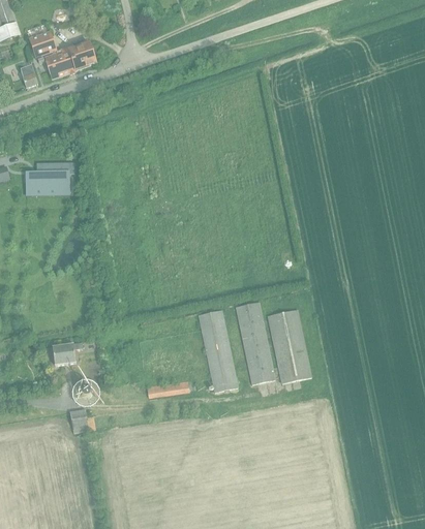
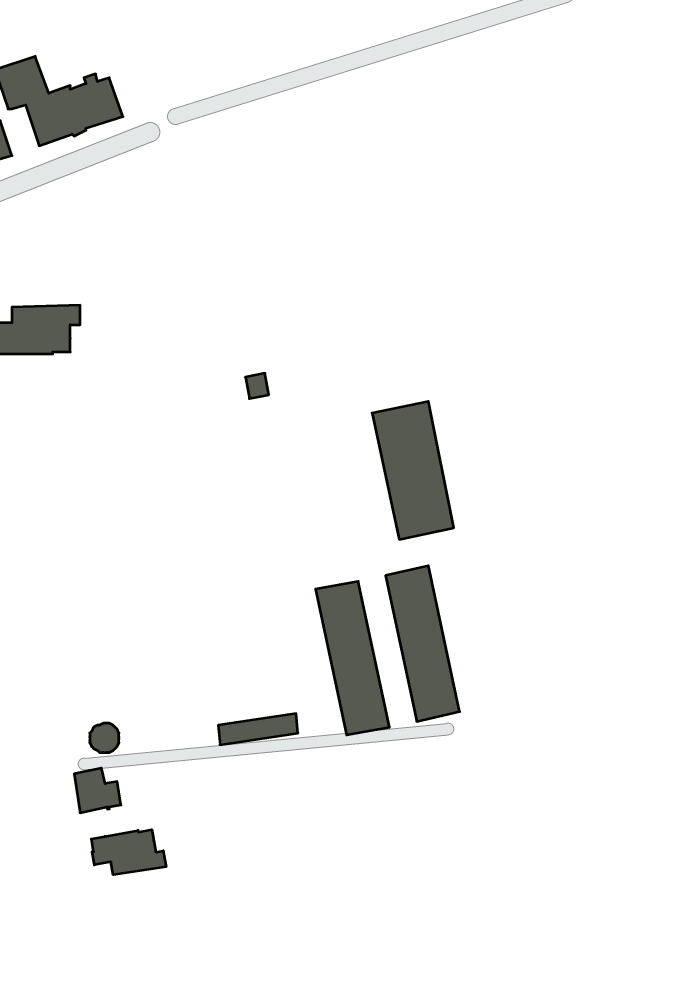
building: [267,309,310,382] -> [372,401,454,539]
building: [52,342,82,365] -> none
building: none -> [91,830,166,875]

